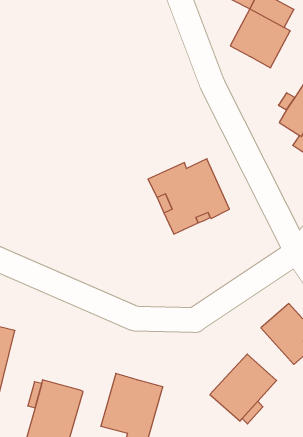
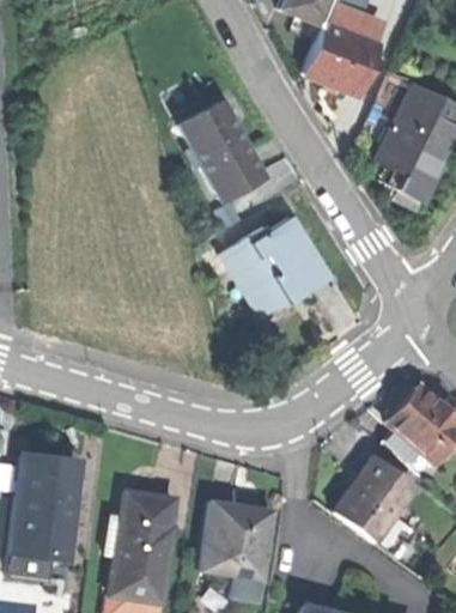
building: none -> [181,102,263,198]
building: none -> [120,488,174,526]

